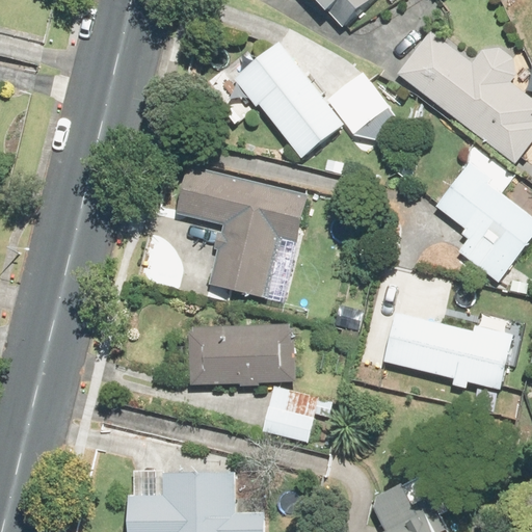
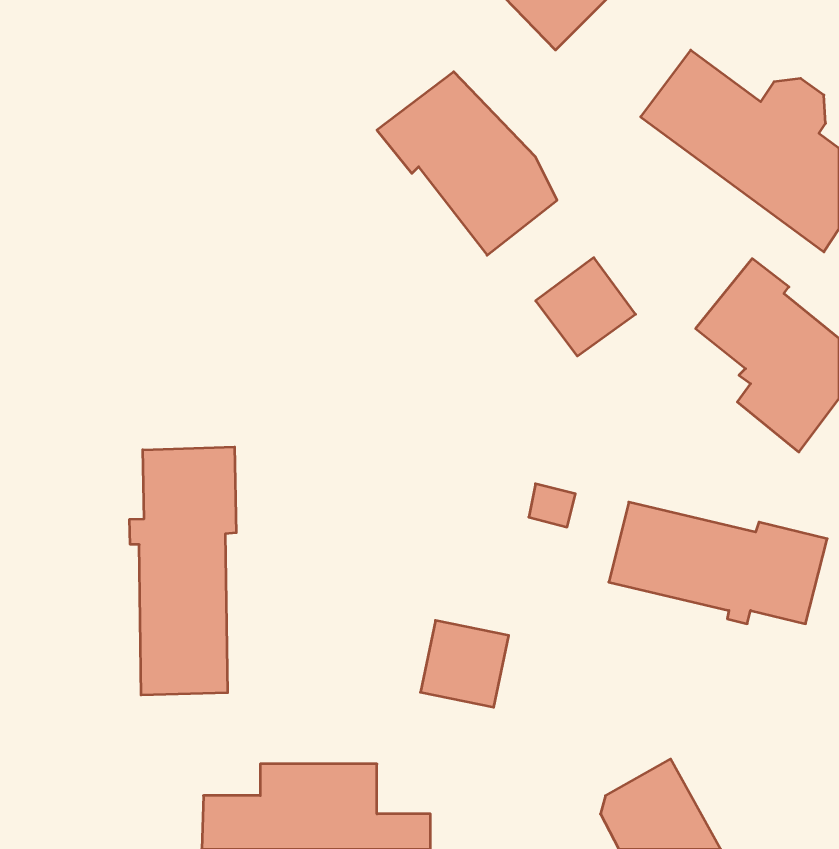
building: [334,71,396,132] -> [536,258,636,356]
building: [172,165,307,299] -> none
building: none -> [130,447,236,695]
building: [189,326,297,385] -> none

